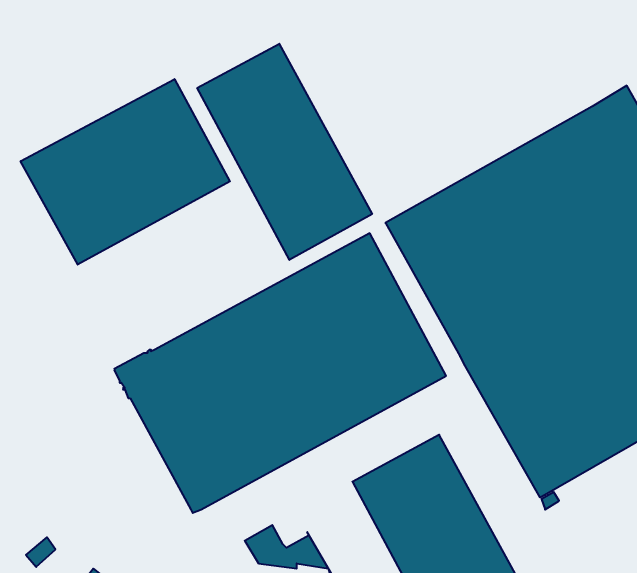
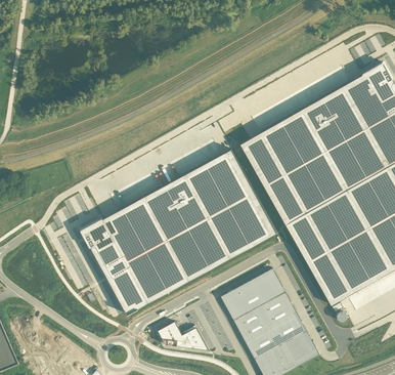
building: [197,44,372,260] -> none
building: [21,79,230,265] -> none

